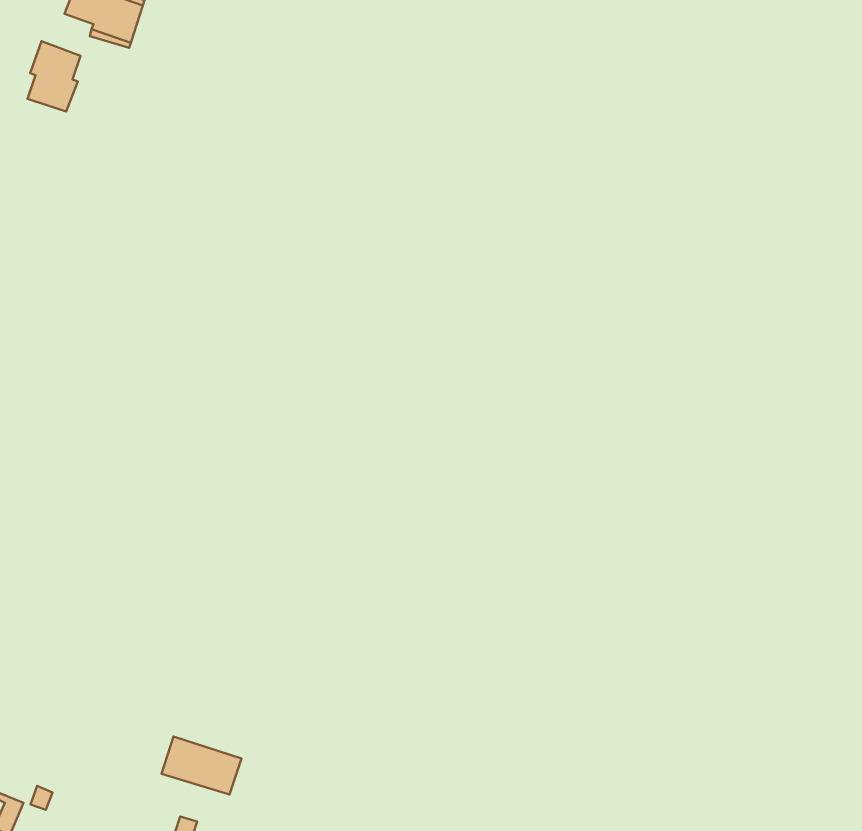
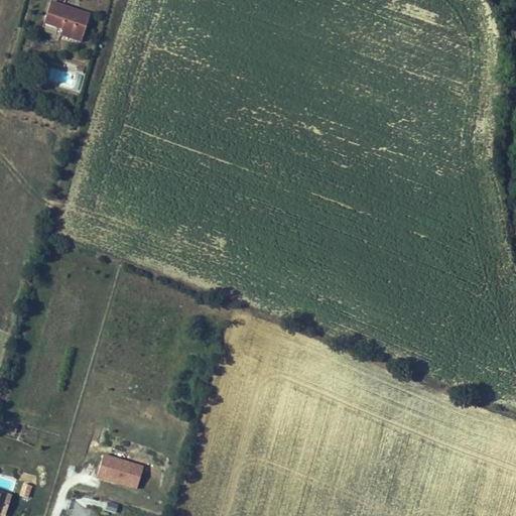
building: [27,41,81,112] -> none

